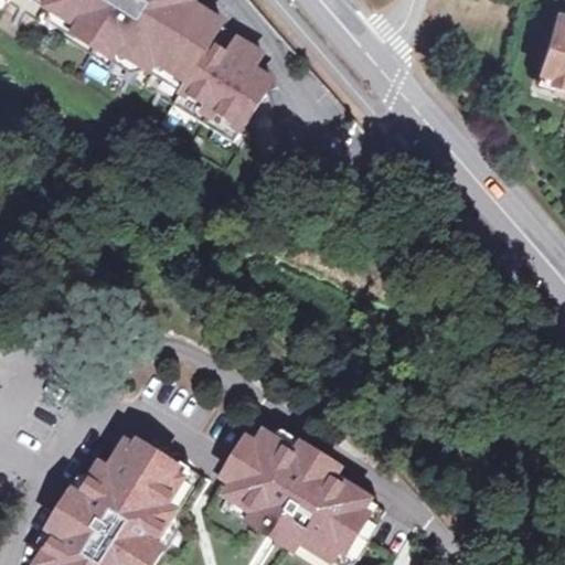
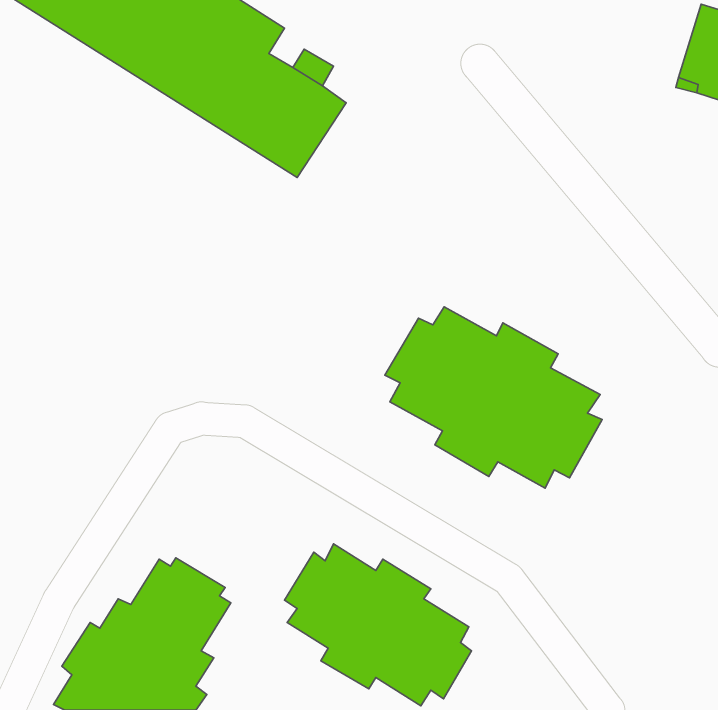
building: none -> [385,307,602,488]

